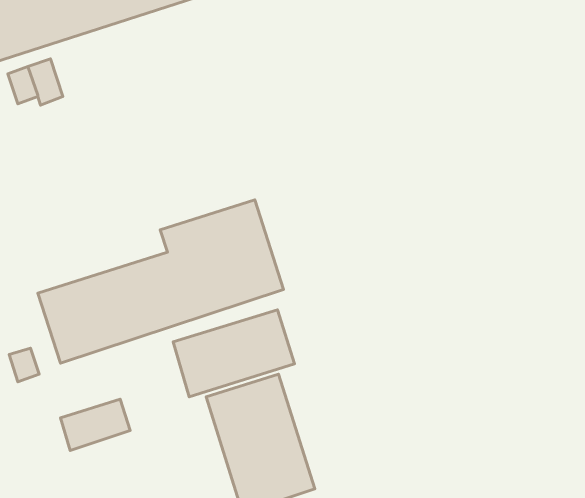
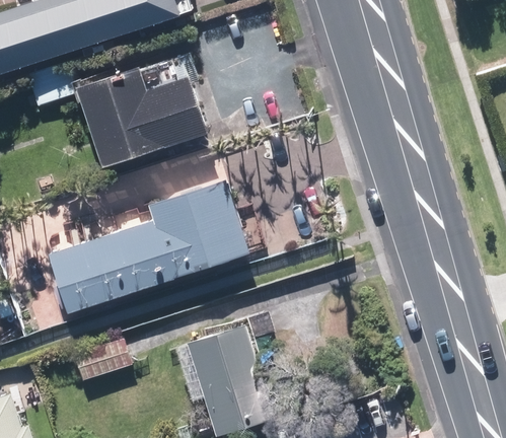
building: none -> [76,68,208,167]
building: [173,310,294,397] -> none

